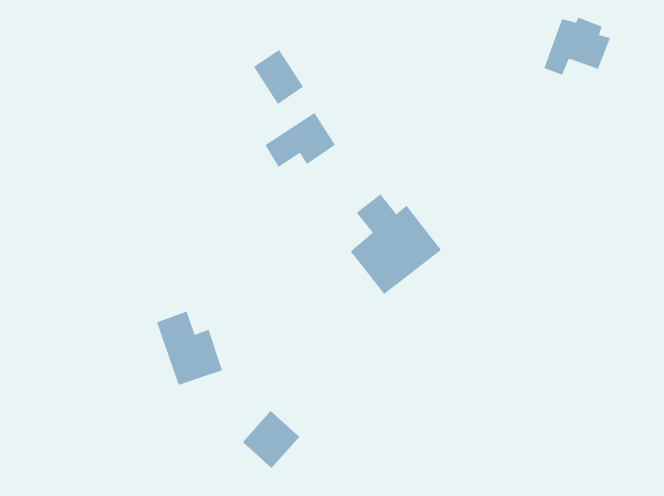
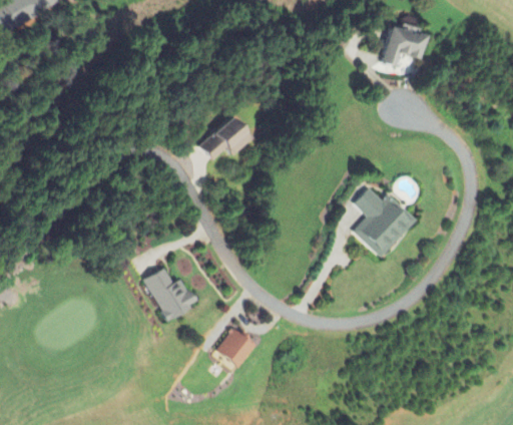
building: [253,49,304,105] -> none
building: [350,194,442,295] -> [354,187,417,257]

